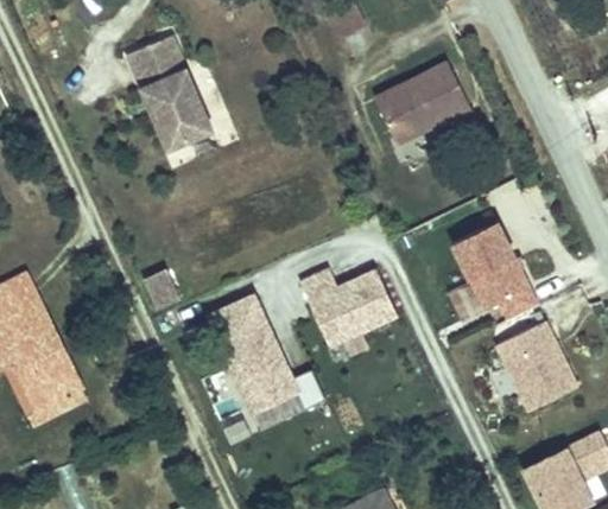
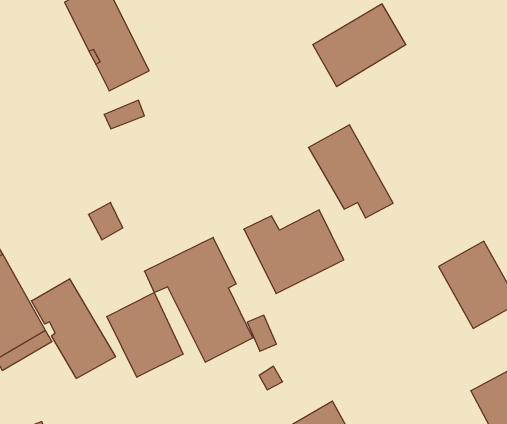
building: [451,218,534,316] -> [308,125,393,218]
building: none -> [31,279,115,378]
building: none -> [107,292,183,377]

